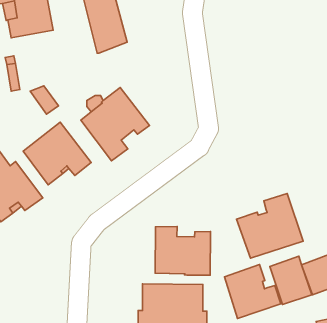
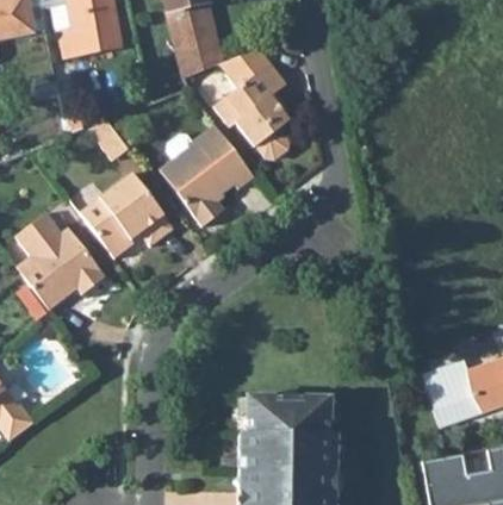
building: none -> [215,49,291,160]
building: [237,193,303,258] -> none
building: [155,227,211,275] -> none
building: [224,264,281,318] -> none

